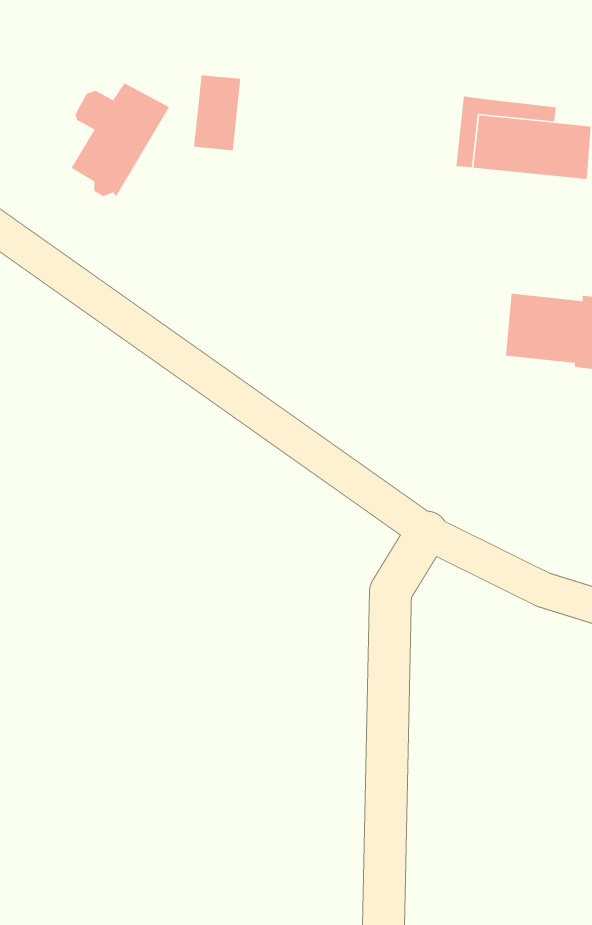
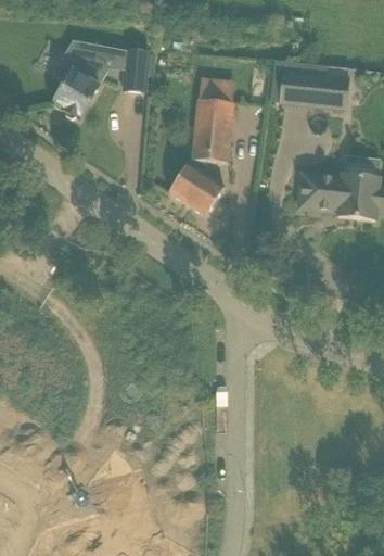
building: none -> [169,75,235,214]

